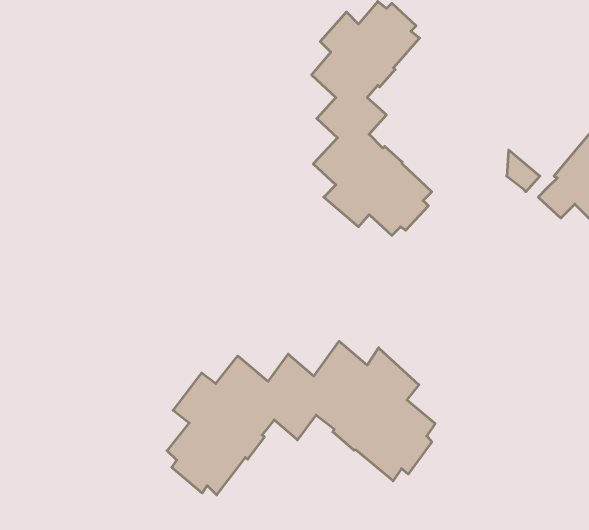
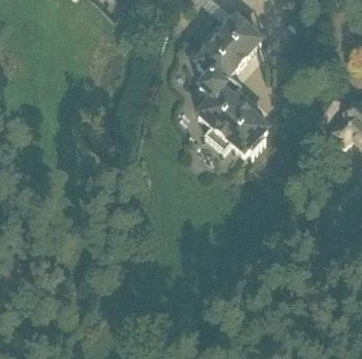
building: [167,341,435,495] -> none

